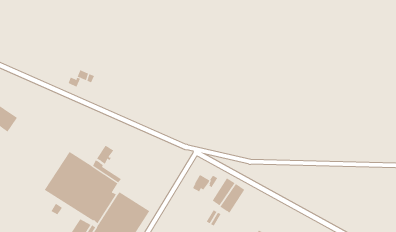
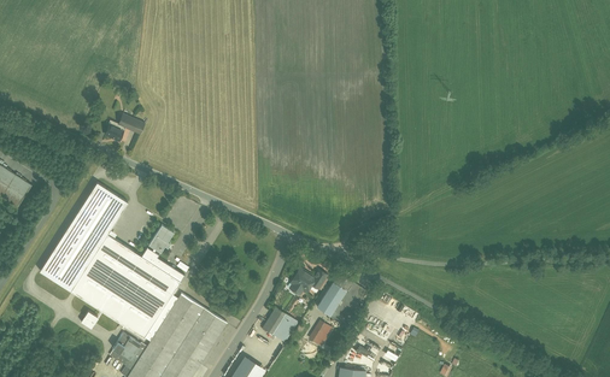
building: none -> [39,183,128,291]
building: none -> [262,307,297,342]

